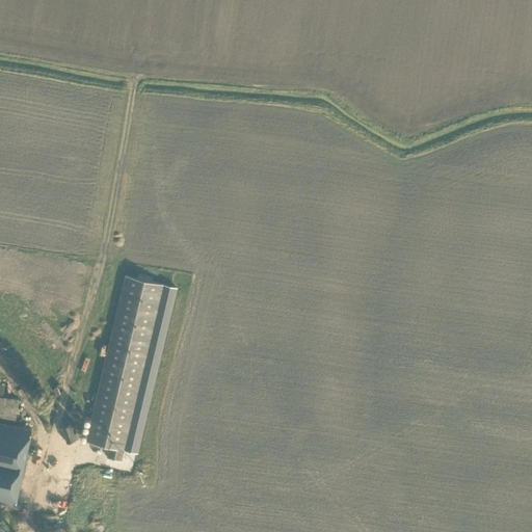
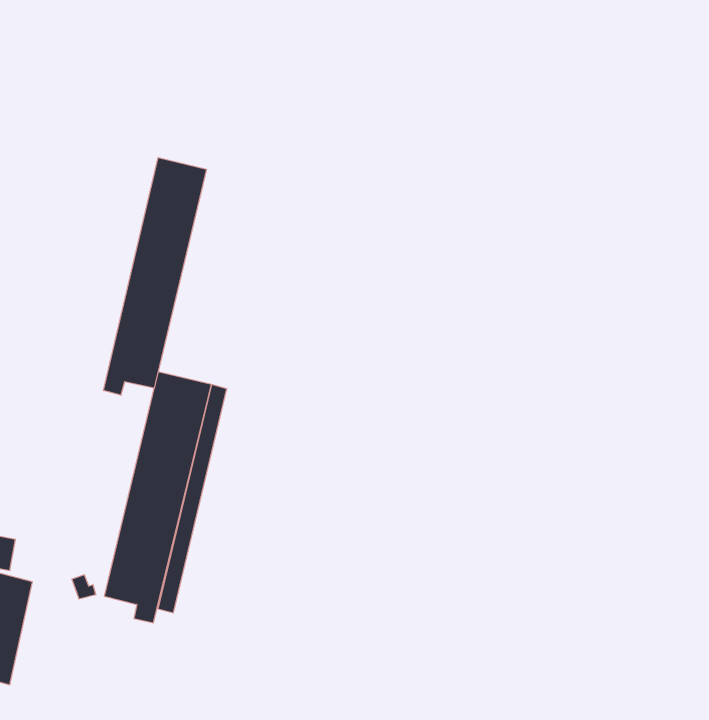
building: none -> [103,158,206,395]

